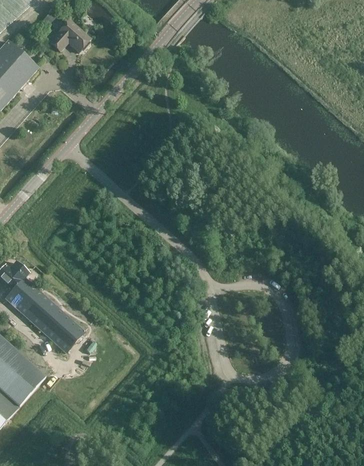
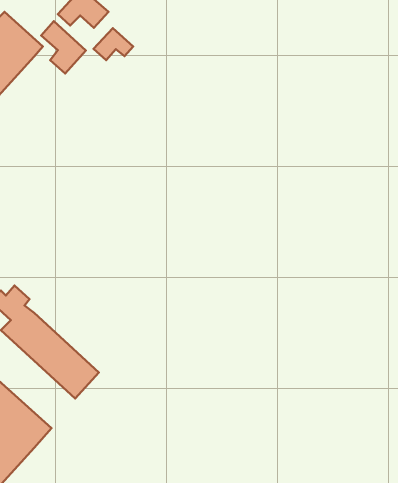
building: none -> [41,21,86,73]
building: none -> [93,28,133,60]

